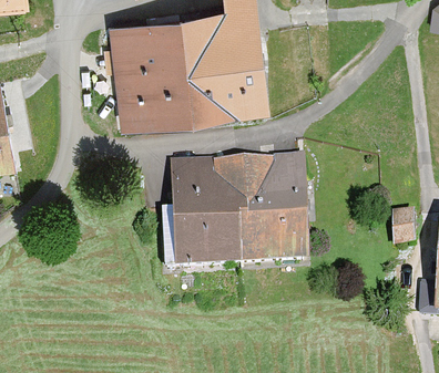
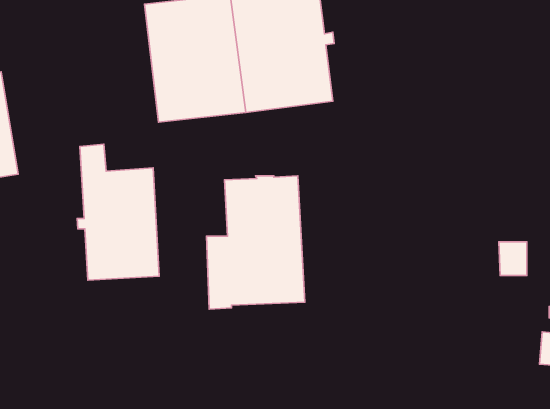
building: none -> [77,144,159,280]
building: [235,158,309,261] -> none

